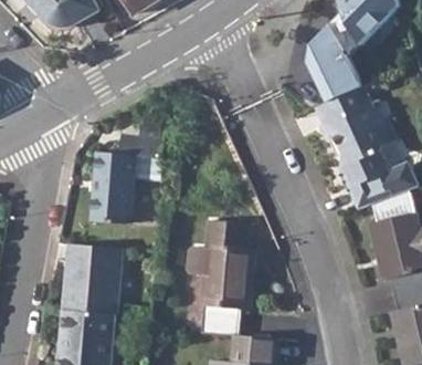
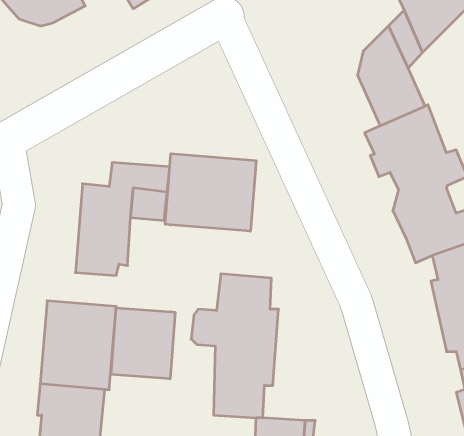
building: none -> [165,154,256,231]
building: none -> [111,308,175,379]

